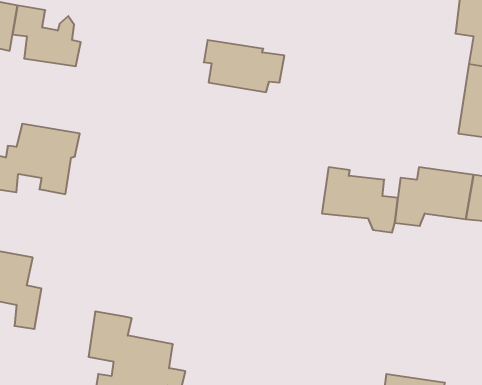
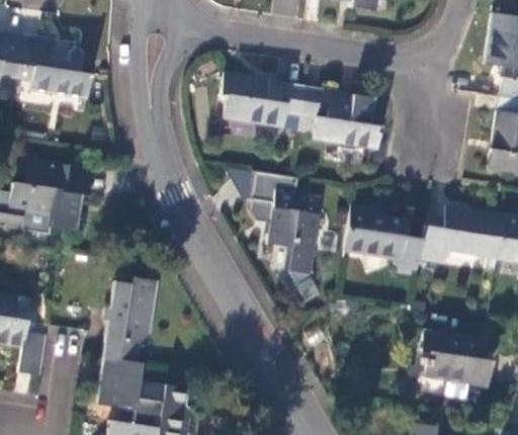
building: none -> [299,88,383,151]
building: none -> [248,173,321,275]
building: none -> [105,279,157,362]
building: none -> [418,332,492,388]

